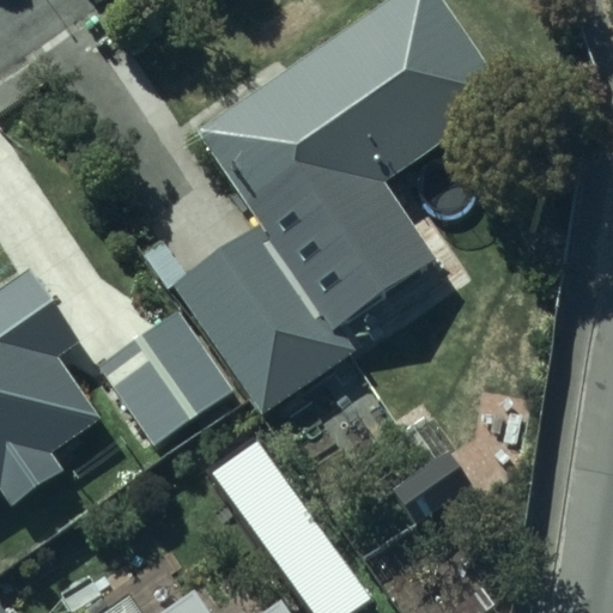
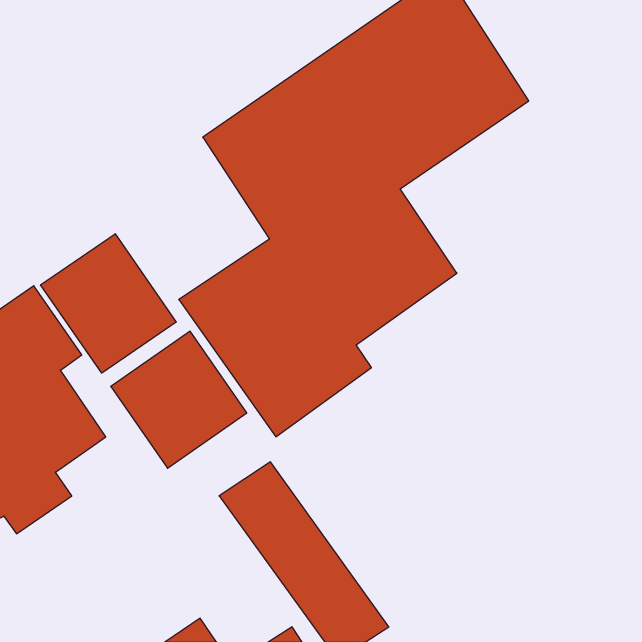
building: none -> [41,234,176,373]

